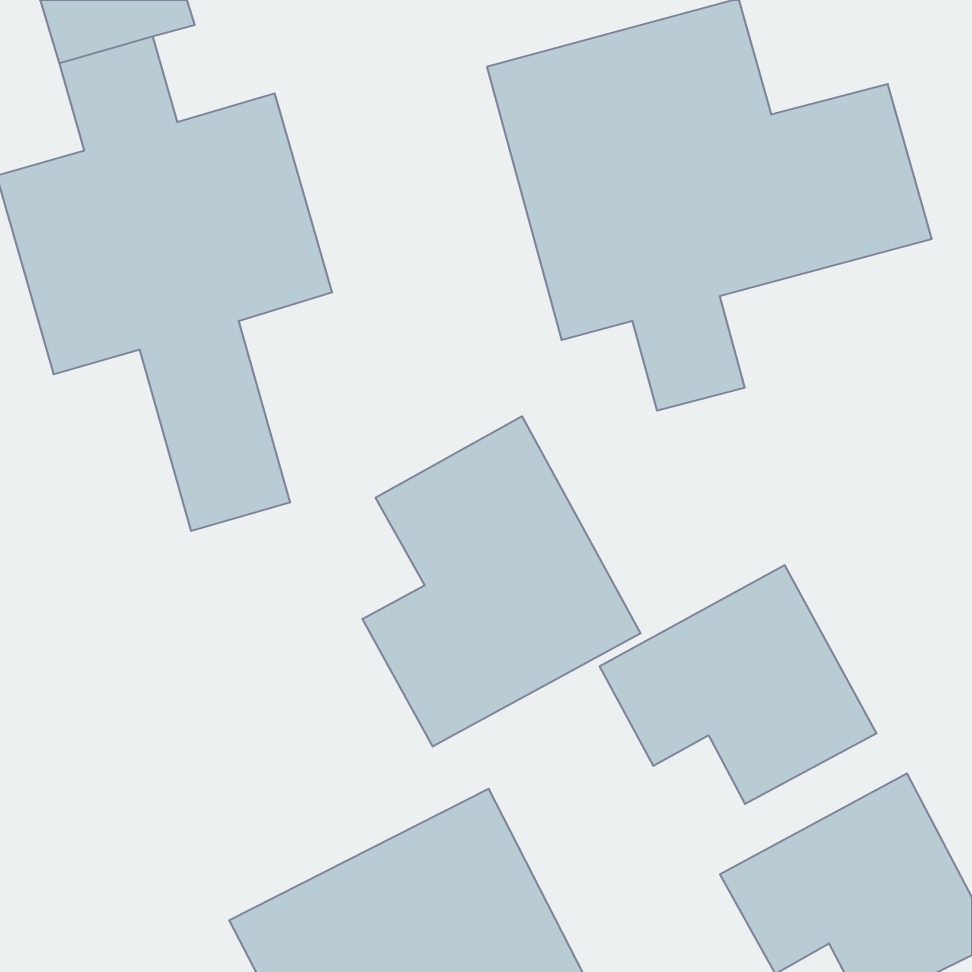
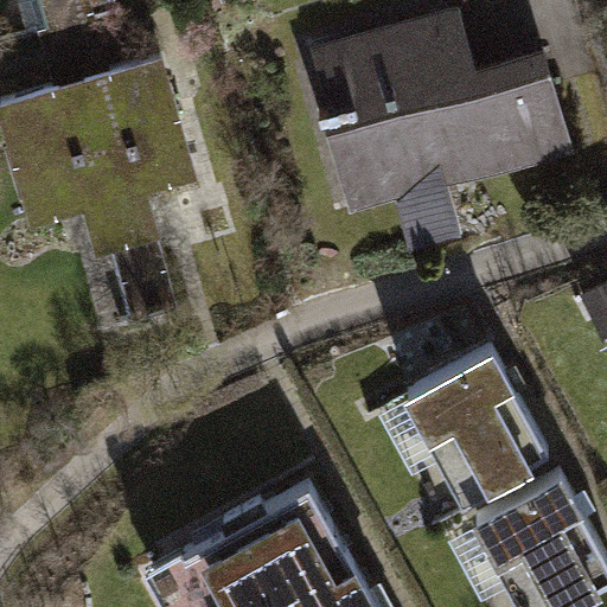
building: [362,416,640,747] -> none

